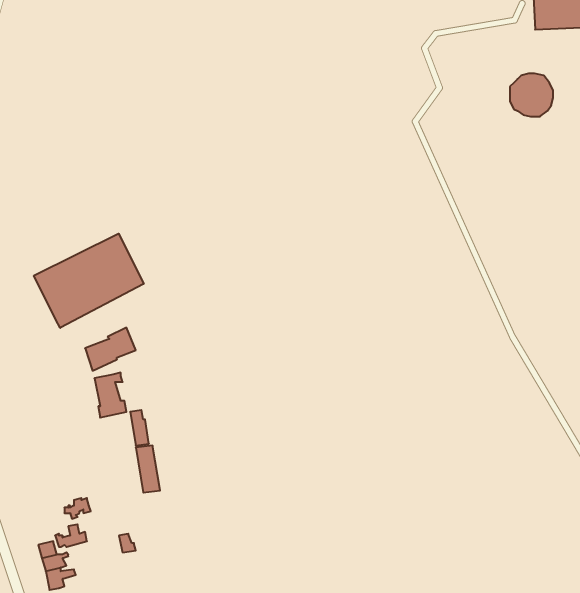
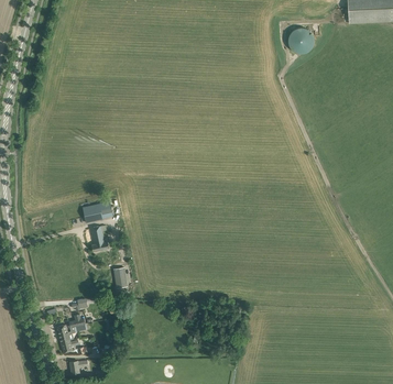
building: [510,73,553,117] -> [288,29,314,54]
building: [34,234,144,328] -> none

